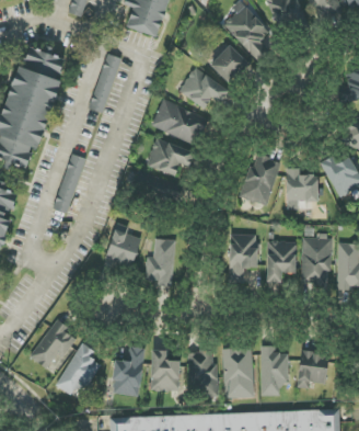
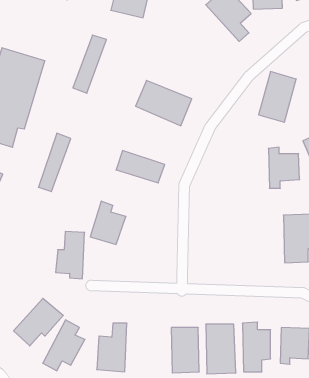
building: [209,45,247,83] -> none
building: [23,47,65,76] -> none
building: [178,68,228,109] -> none
building: [146,138,194,175] -> none
building: [241,154,279,205] -> [259,72,296,122]
building: [228,234,256,281] -> none
building: [144,238,174,286] -> [56,231,85,279]
building: [266,240,296,282] -> none
building: [149,350,181,392] -> none

